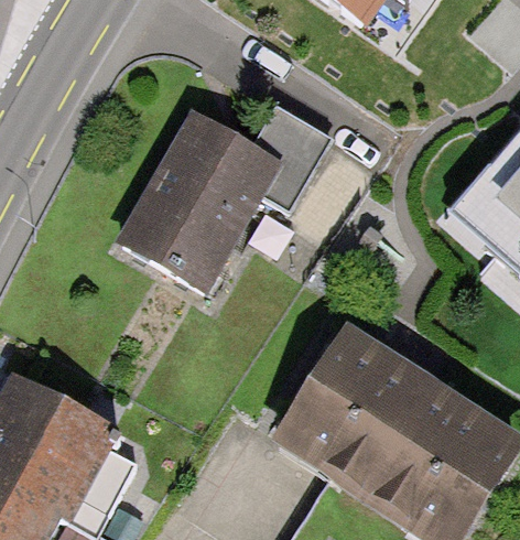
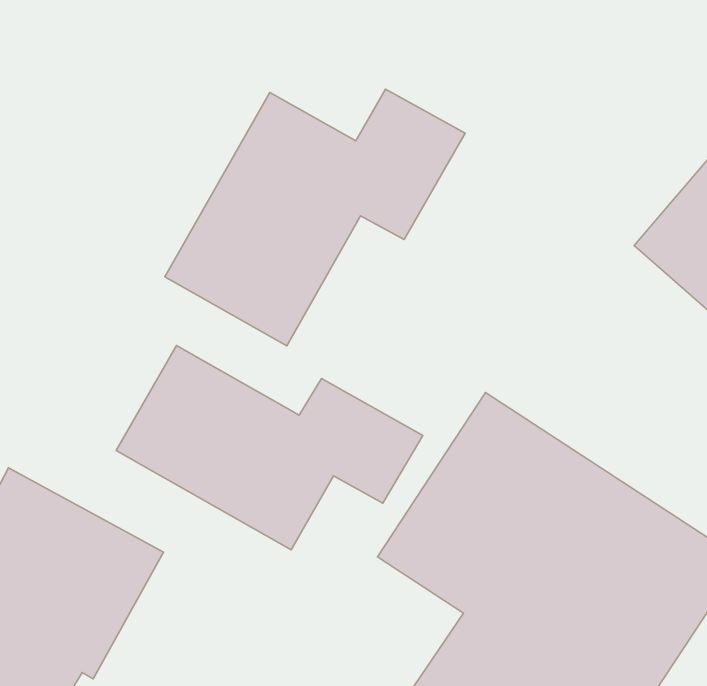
building: none -> [116,345,423,550]

